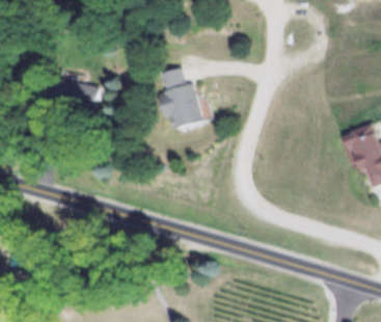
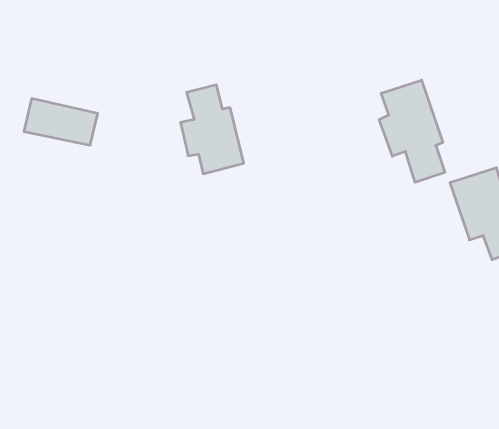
building: none -> [379,80,445,182]

